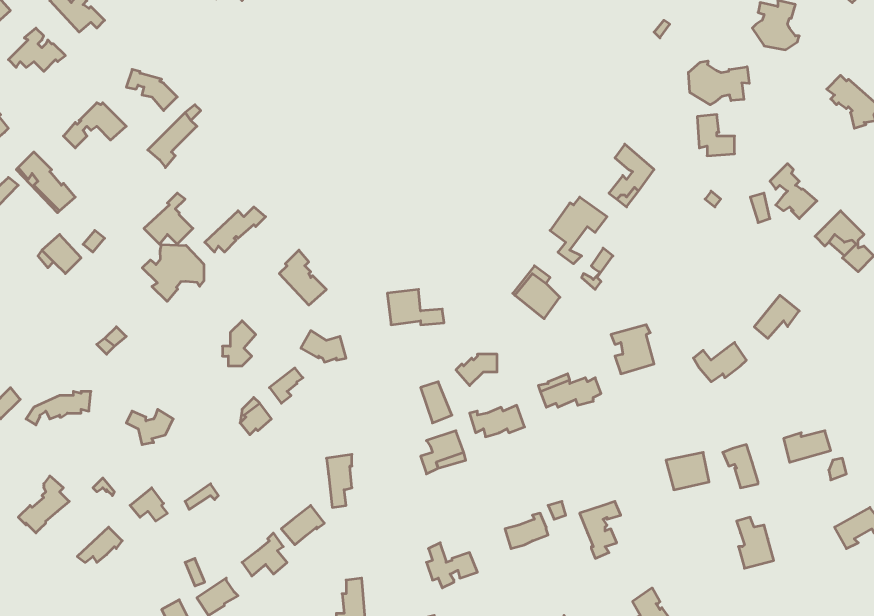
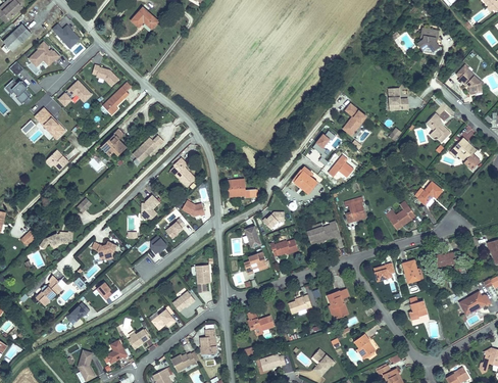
building: [688,61,749,105] -> none
building: [142,245,204,301] -> none

